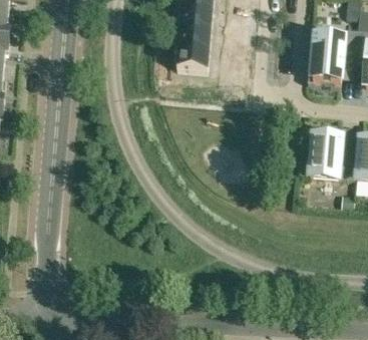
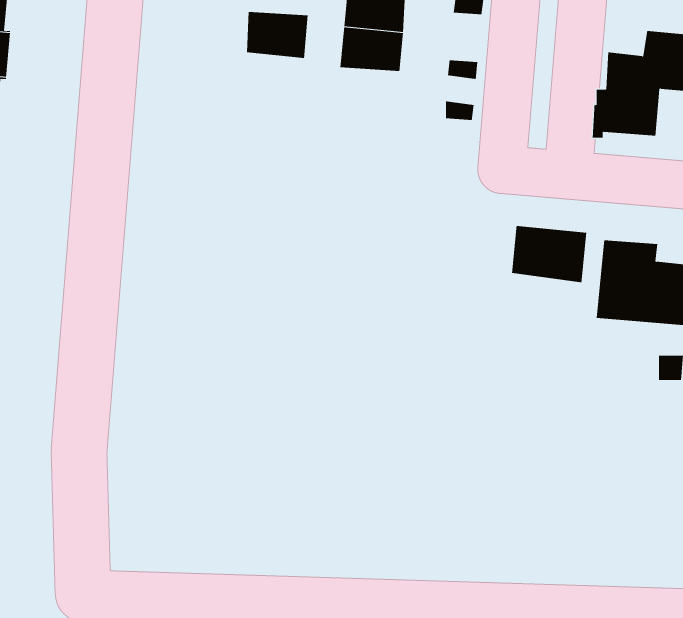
building: [177,46,210,70] -> [246,11,309,58]
building: none -> [511,225,587,283]

